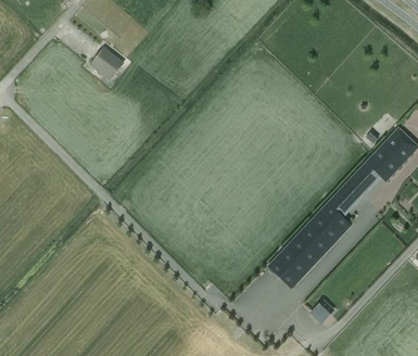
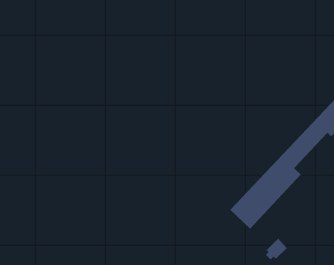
building: [89,46,125,80] -> none

